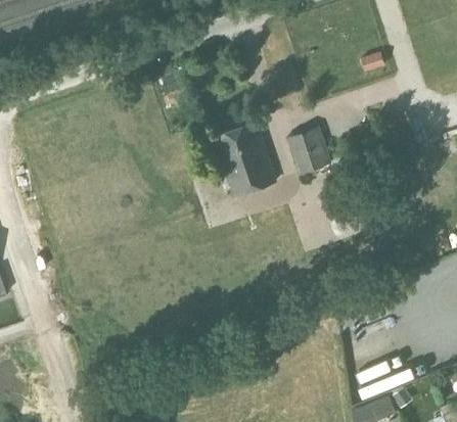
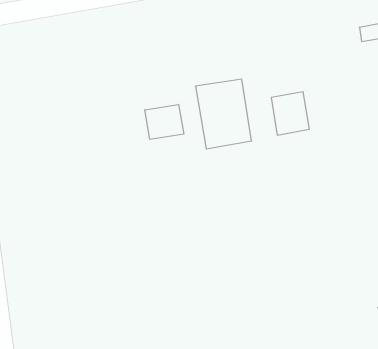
building: none -> [145,104,184,139]

